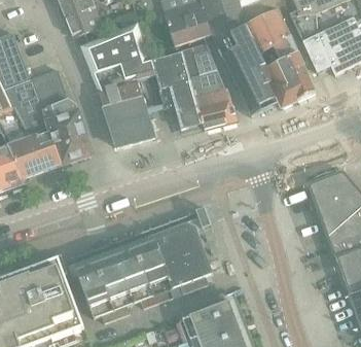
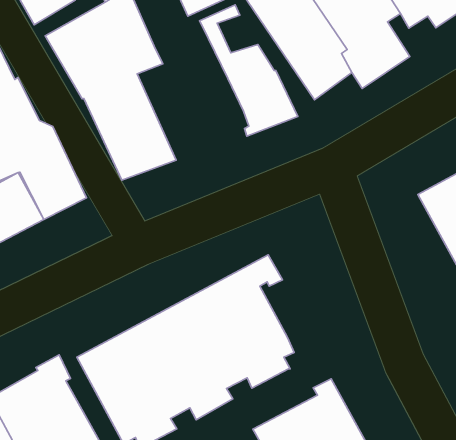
building: [148,51,203,128] -> none

